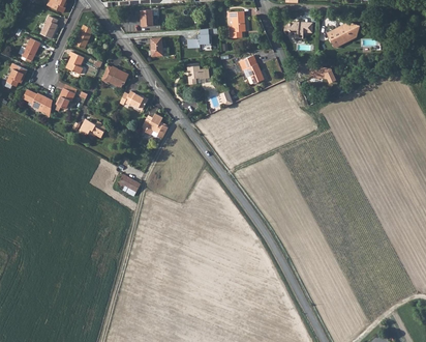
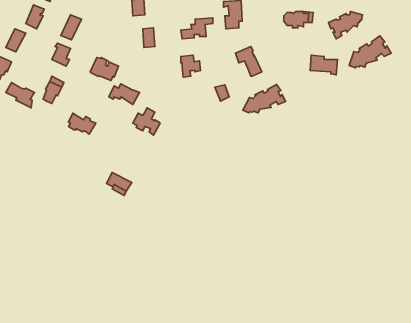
building: none -> [349,36,391,68]
building: none -> [243,85,286,113]

